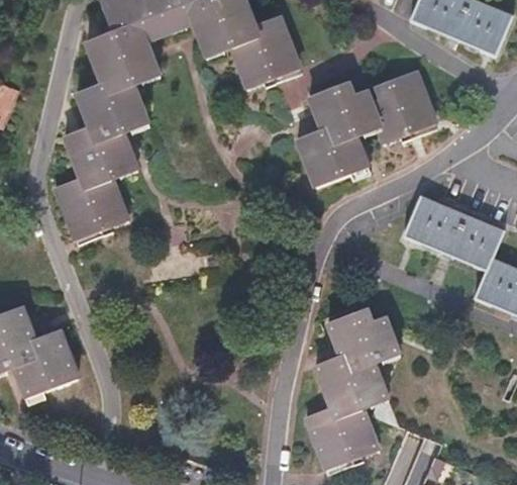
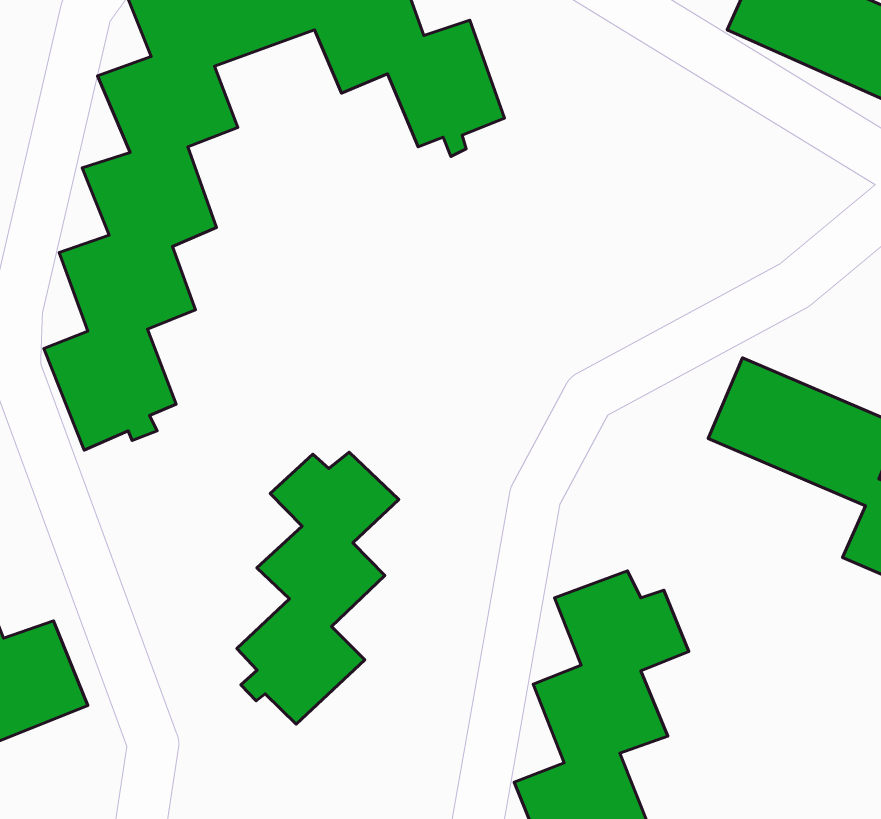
building: [301,70,436,187] -> none
building: none -> [237,452,399,724]

